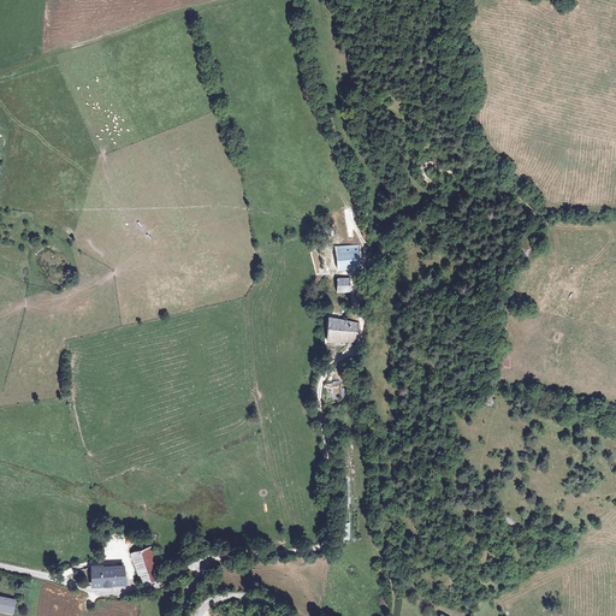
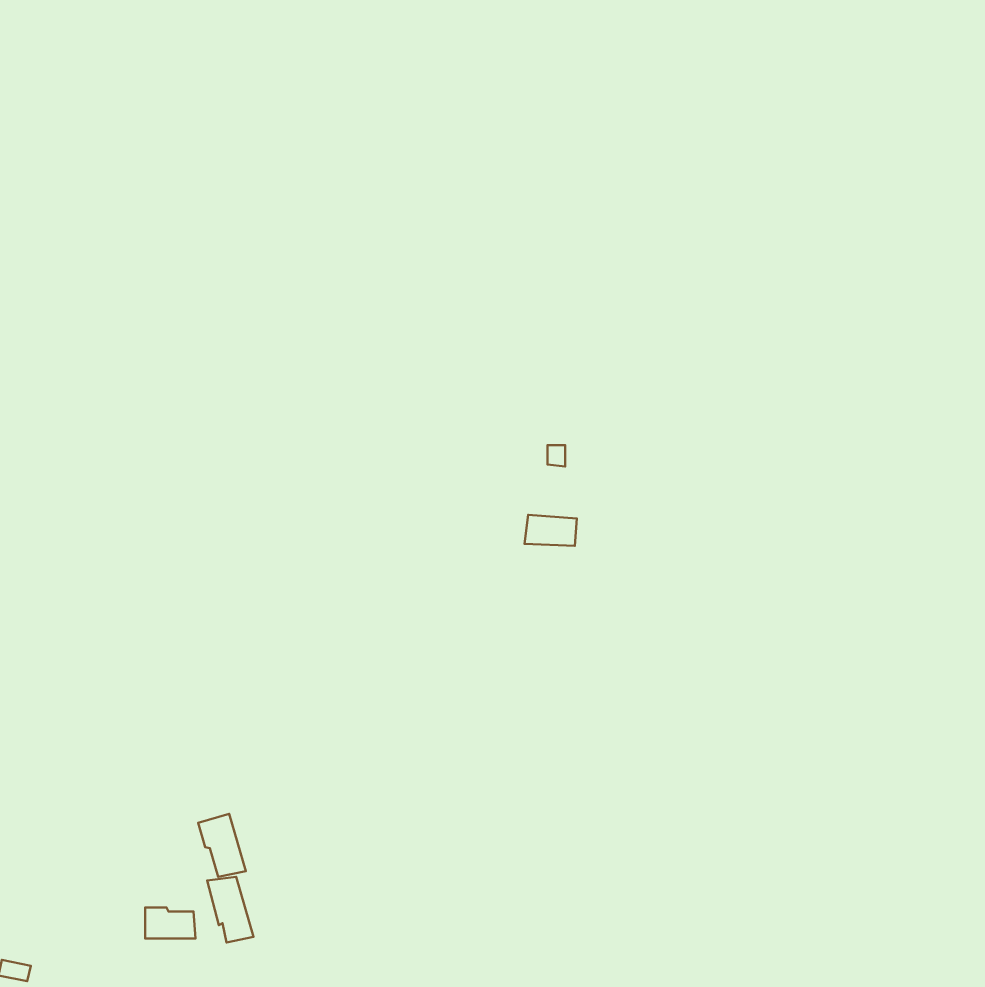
building: [337,247,363,268] -> none
building: none -> [198,814,246,877]

